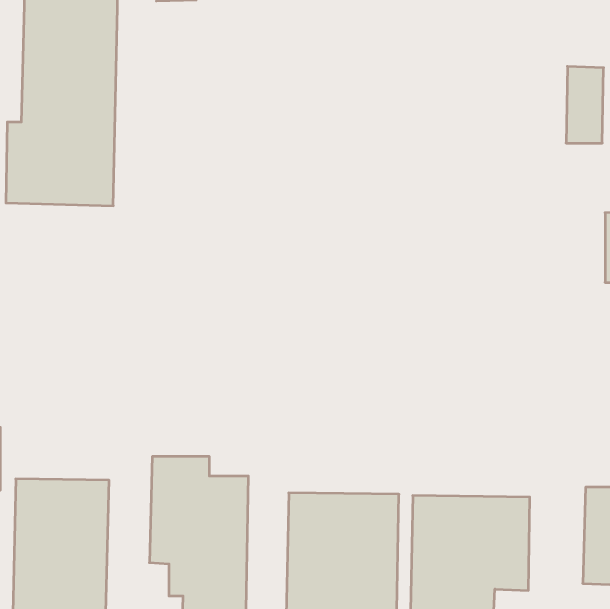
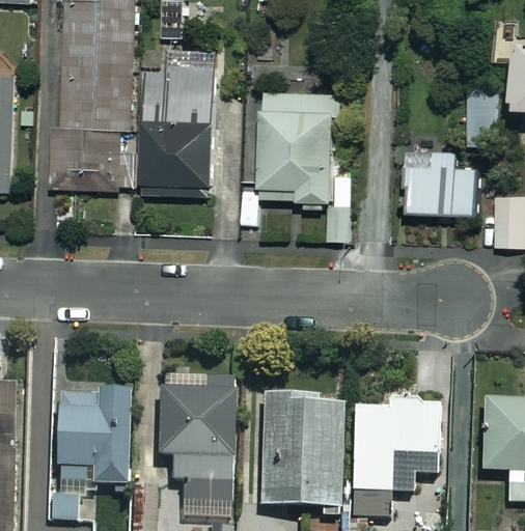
building: none -> [142,47,216,194]
building: none -> [260,91,353,239]
building: none -> [405,149,481,214]

